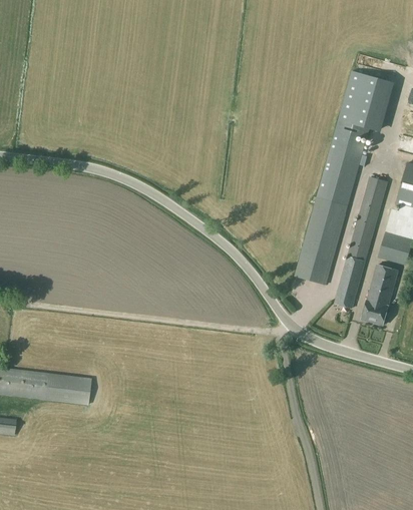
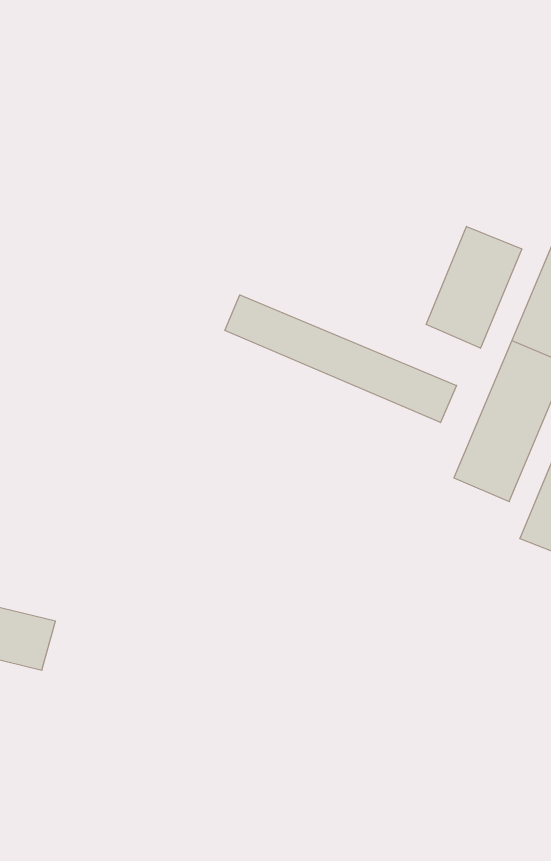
building: none -> [426,226,522,348]
building: none -> [225,295,457,423]

